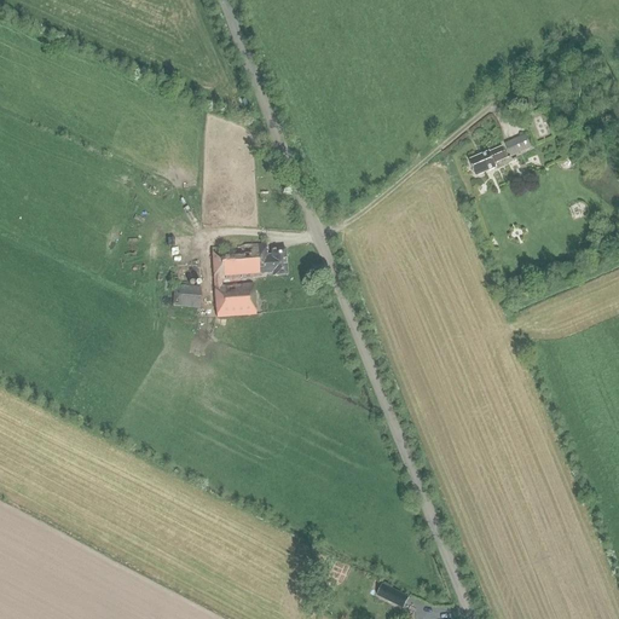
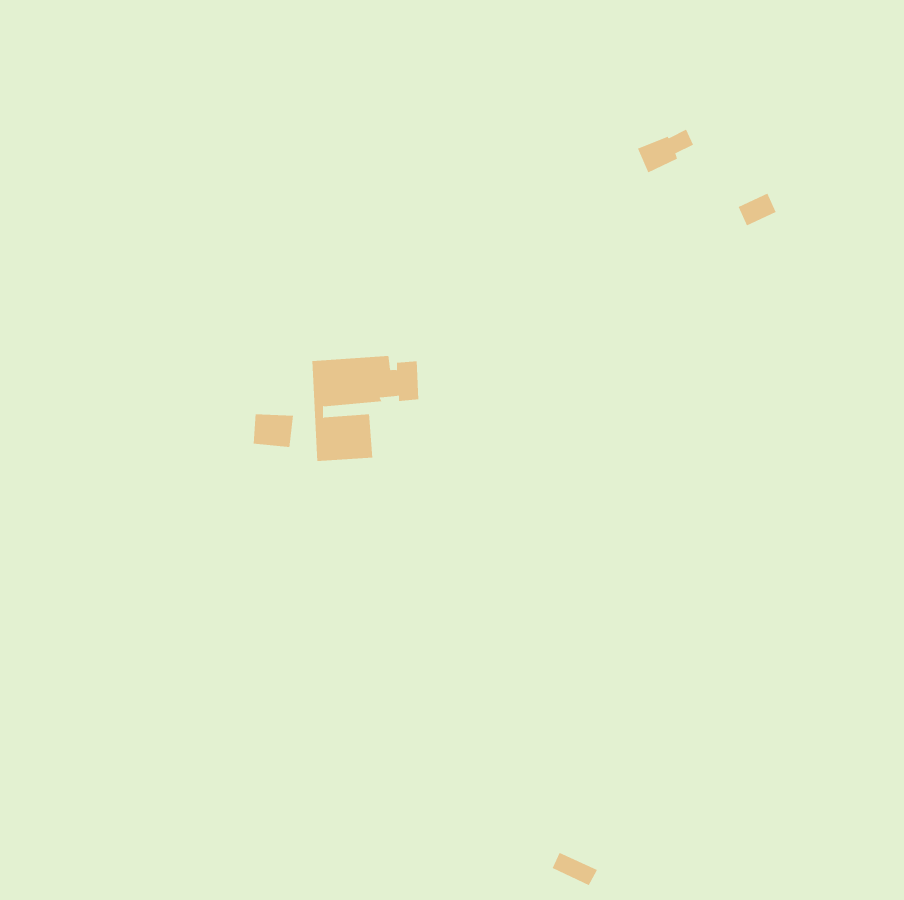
building: [468,145,507,175] -> [637,129,694,173]

